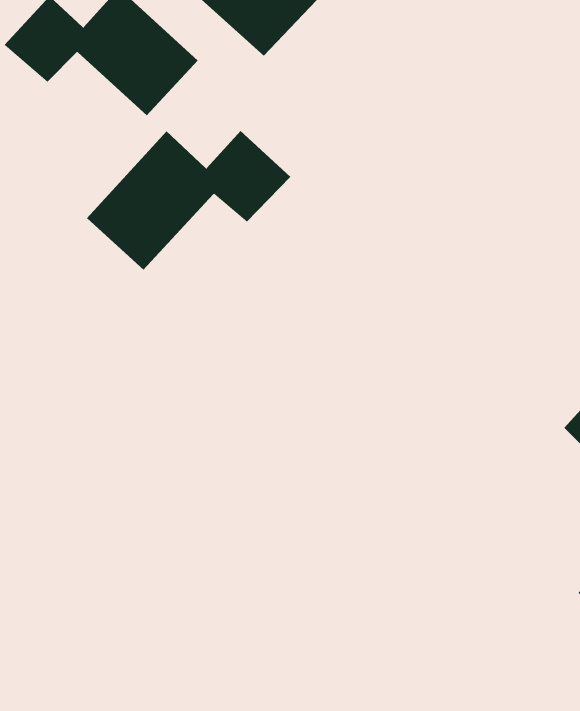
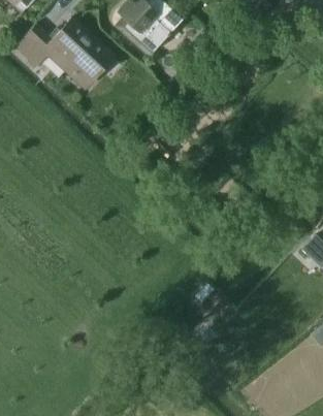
building: [86,130,291,271] -> none

